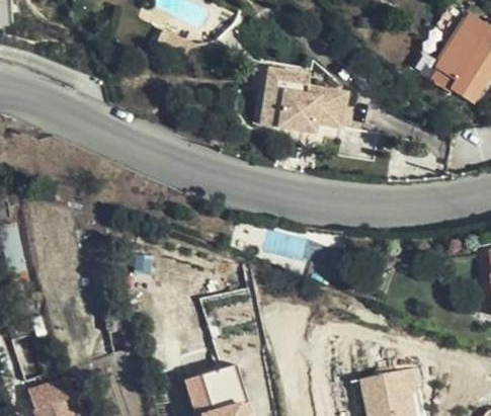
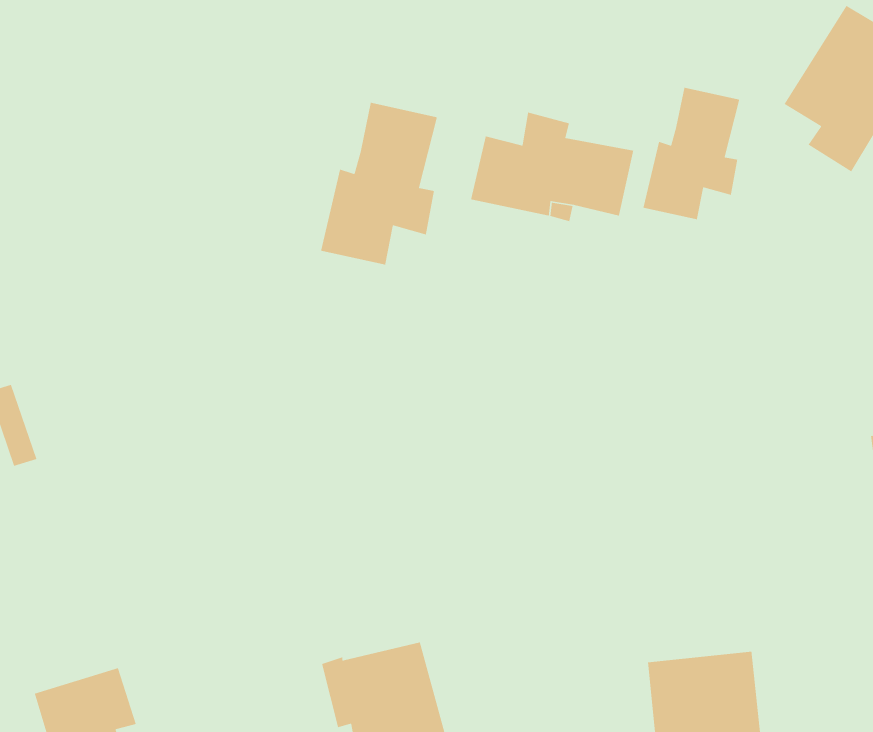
building: none -> [643,87,740,220]
building: none -> [320,102,438,265]

